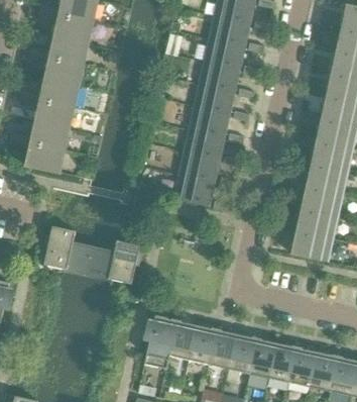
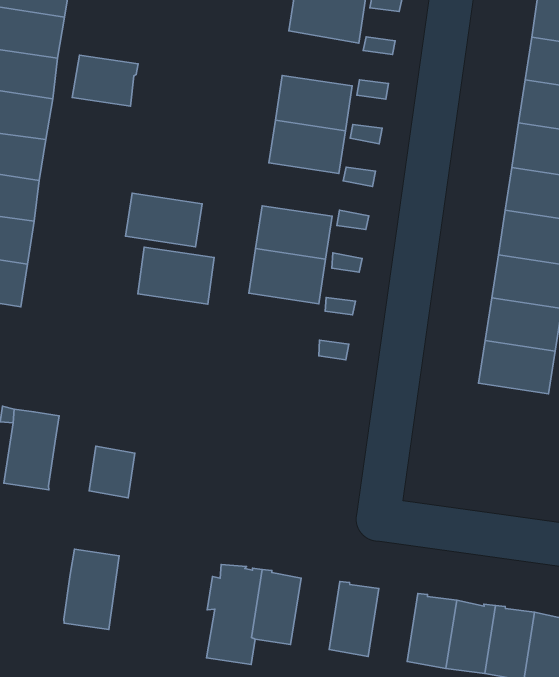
building: [204,37,245,69] -> none
building: none -> [72,55,138,106]
building: [189,106,230,136] -> [125,193,202,247]
building: [173,174,215,206] -> [138,247,214,304]
building: [290,229,332,262] -> none
building: [108,240,139,284] -> [64,549,119,630]
building: [67,244,93,272] -> none
building: [188,325,216,364] -> none
building: [228,333,256,373] -> none

